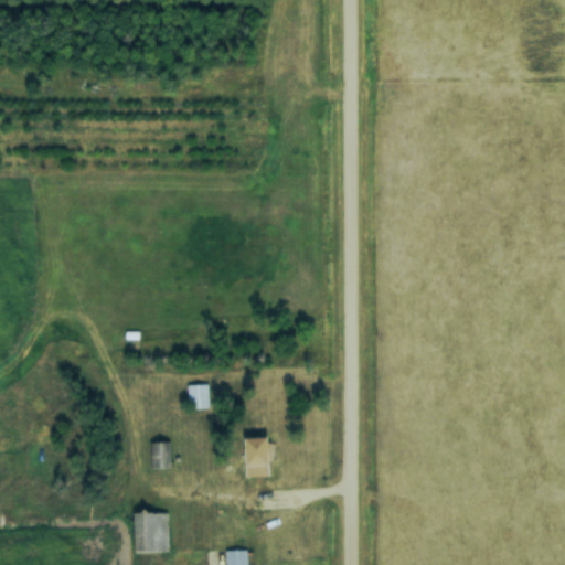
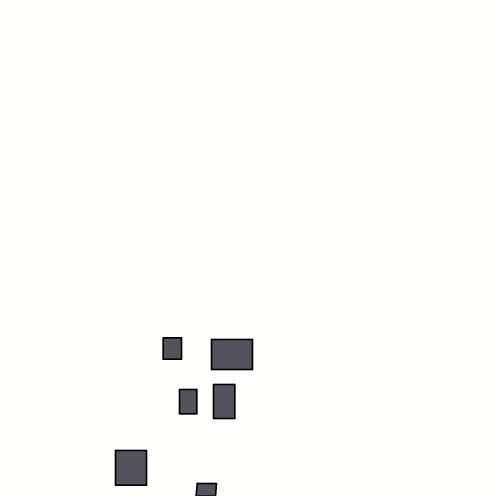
building: none -> [211,339,253,369]
building: [151,441,171,469] -> [179,390,197,414]

